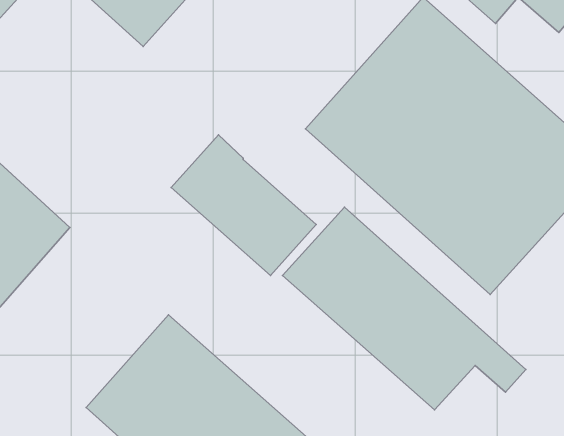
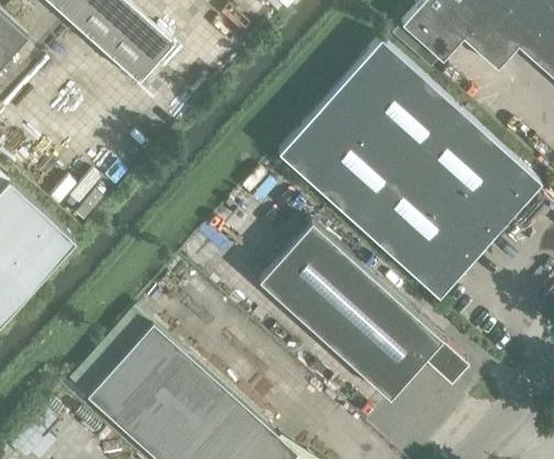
building: [171,135,316,276] -> none

